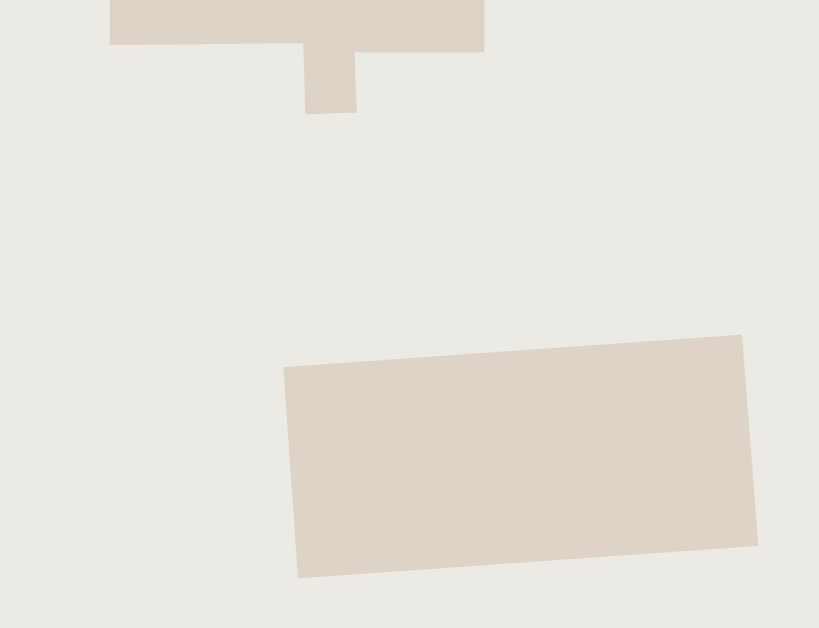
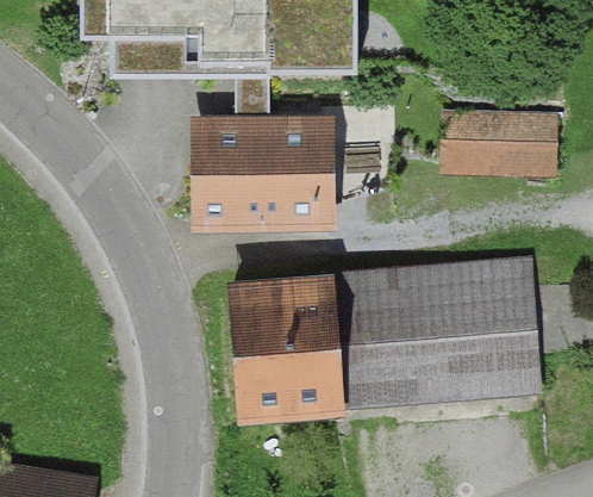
building: none -> [442,106,556,182]
building: none -> [194,117,336,224]

